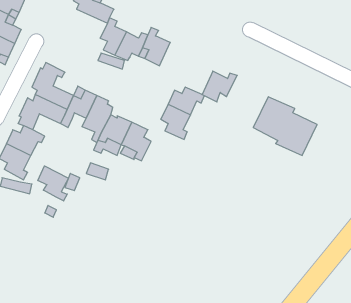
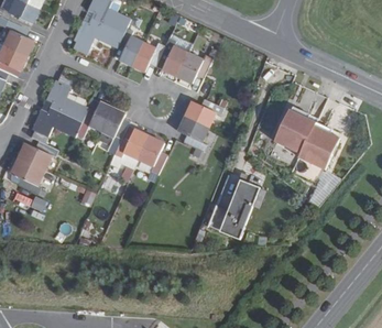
building: none -> [72,18,122,53]
building: [202,71,237,102] -> [176,52,212,84]
building: none -> [206,178,259,238]
building: [38,166,69,201] -> none

